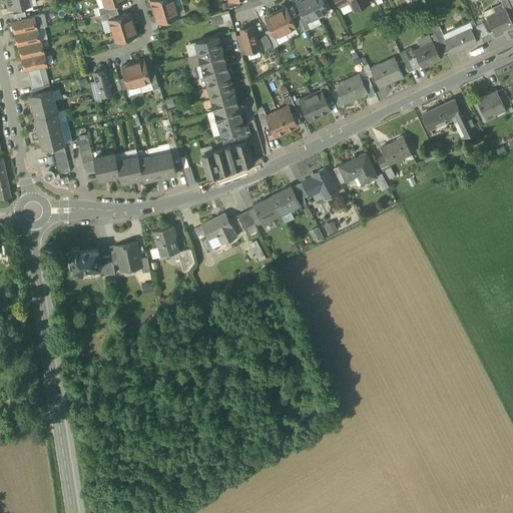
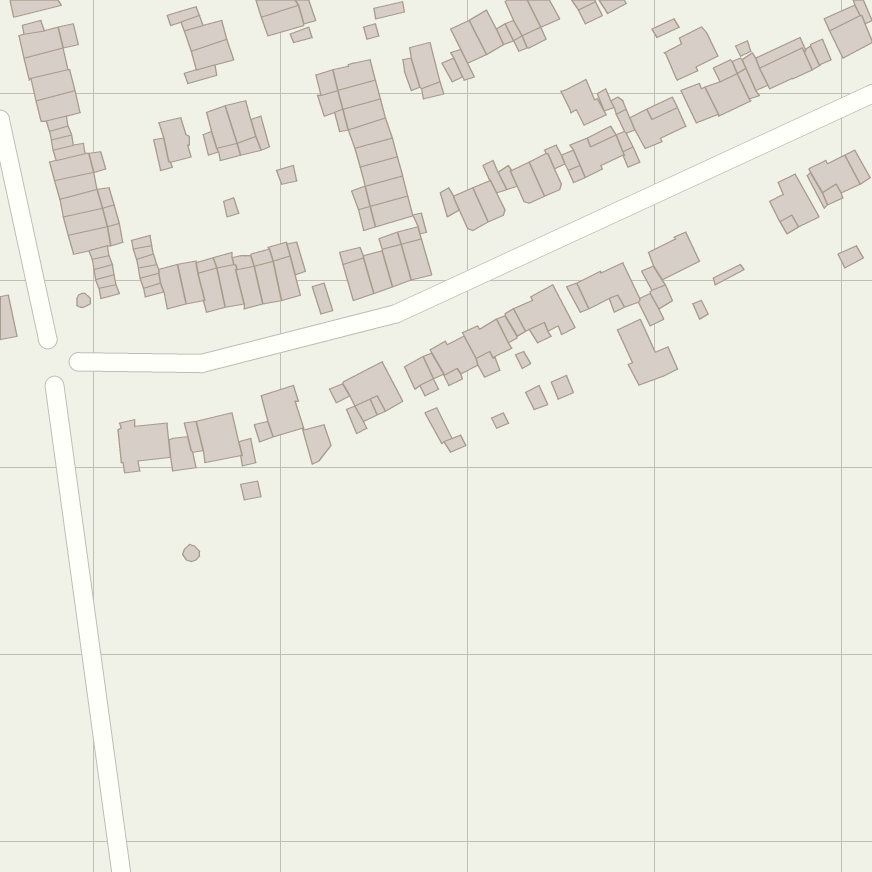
building: none -> [664,27,718,80]
building: none -> [561,79,606,125]
building: [423,100,460,129] -> none
building: none -> [618,319,677,385]

